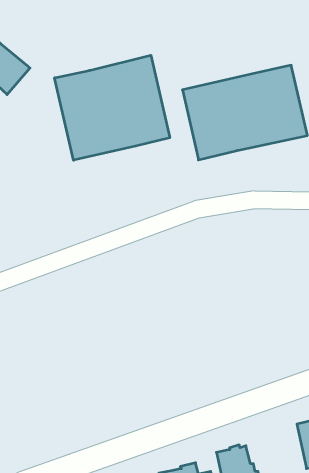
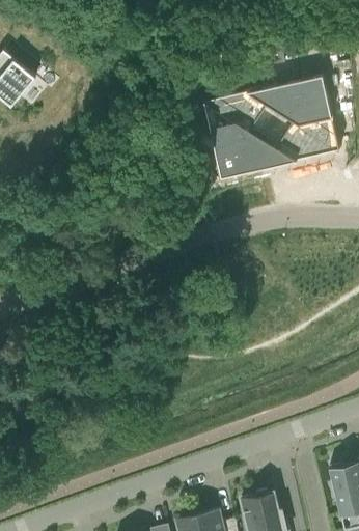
building: [55,55,170,160] -> none

